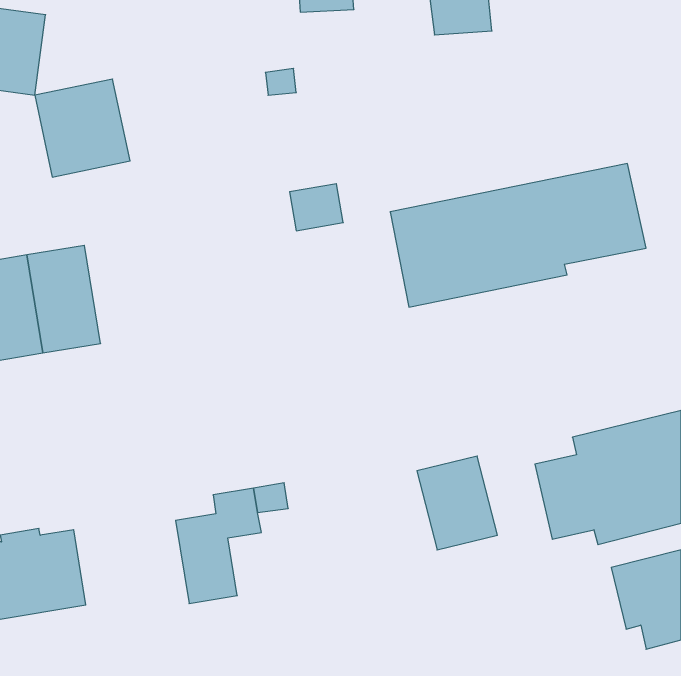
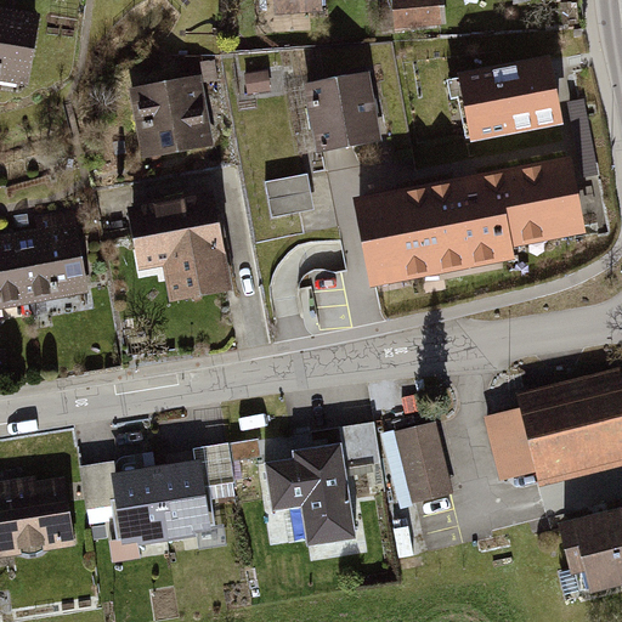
building: none -> [457,47,564,136]
building: none -> [301,66,379,146]
building: [35,79,130,177] -> [128,75,214,164]
building: none -> [130,196,233,307]
building: none -> [265,423,379,556]
building: none -> [79,463,171,567]

